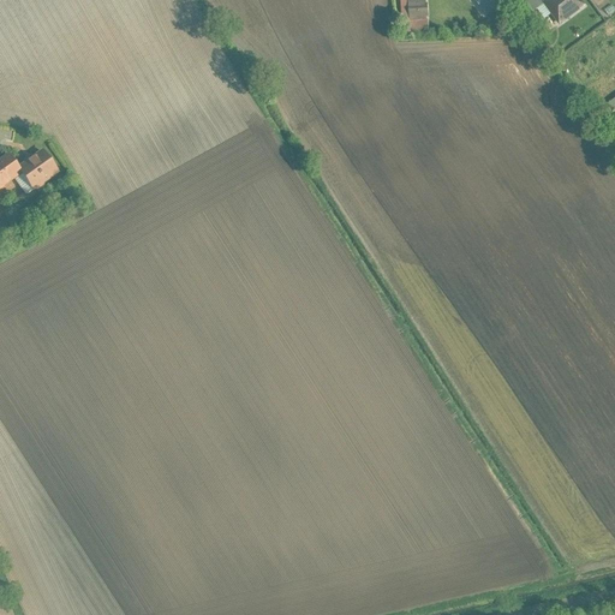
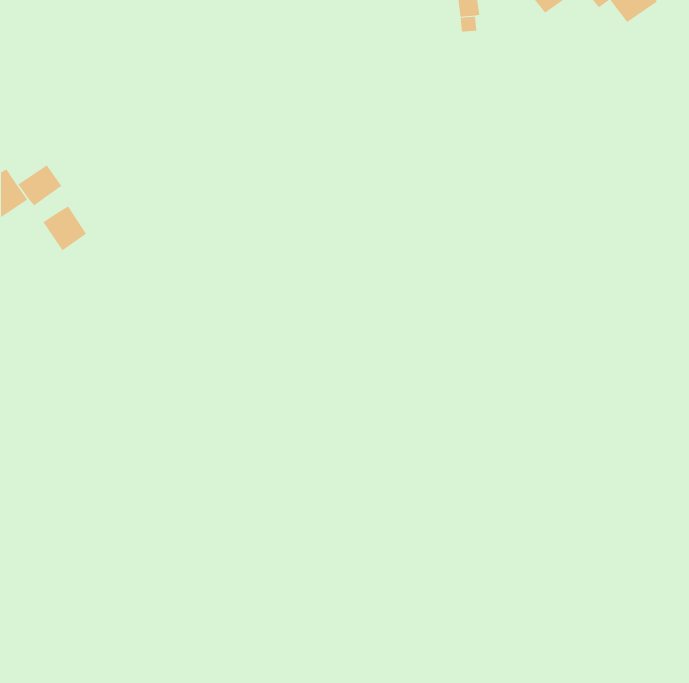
building: none -> [42,206,87,251]

